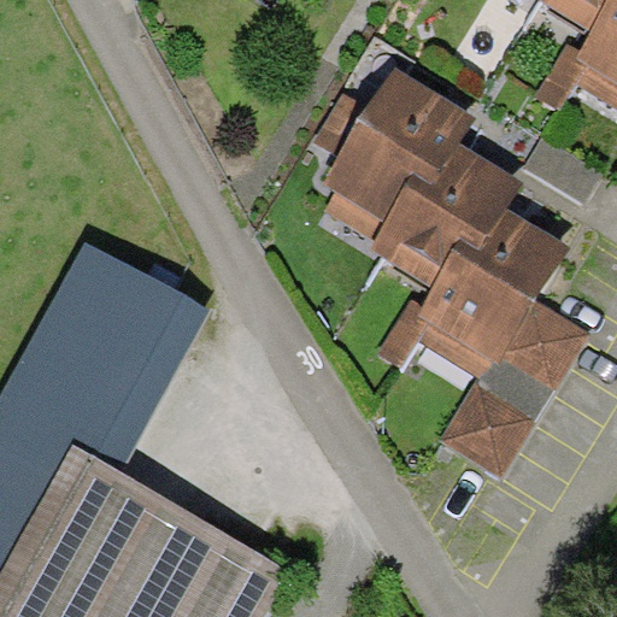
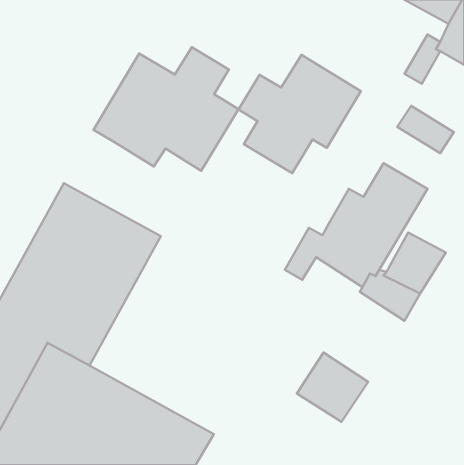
building: none -> [94,47,239,171]
building: [371,148,521,295] -> none
building: [440,386,534,477] -> [297,353,368,422]

